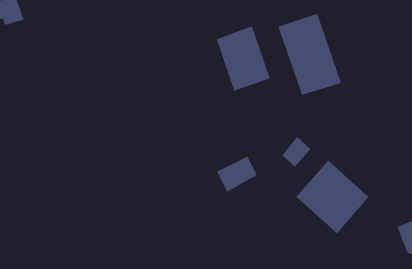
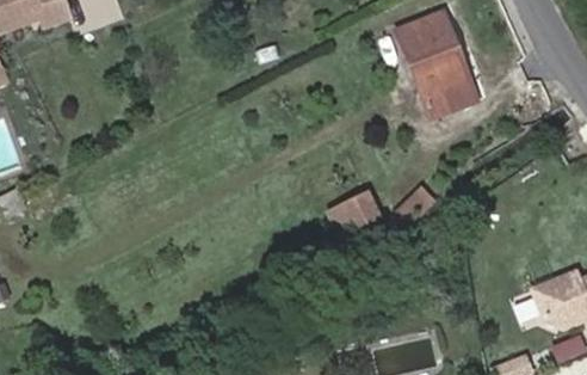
building: [216,25,270,92] -> none
building: [295,160,369,234] -> none

